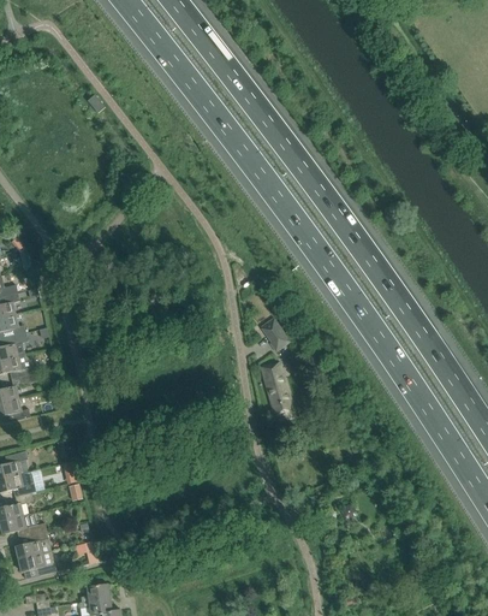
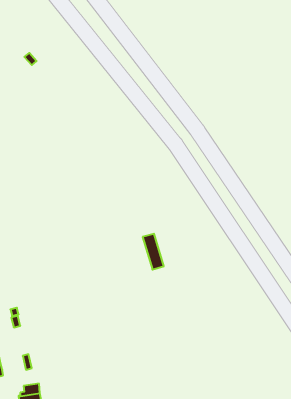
building: [260,315,290,350] -> none

